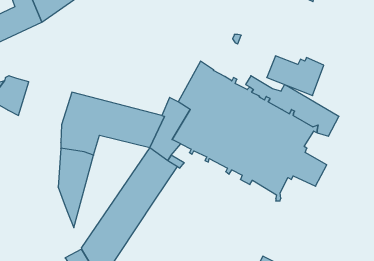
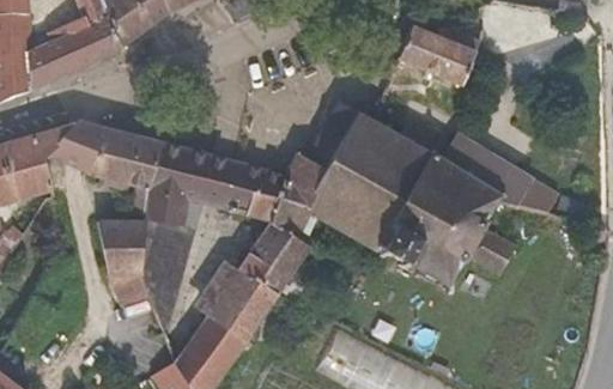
building: [267,56,324,96] -> [399,28,478,83]
building: none -> [87,128,162,212]
building: none -> [98,220,151,309]

